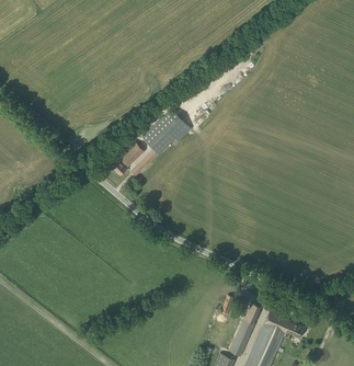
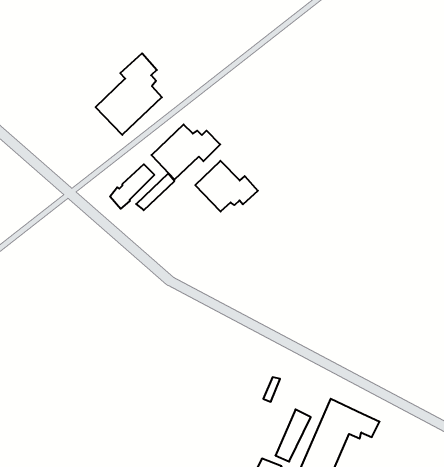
building: none -> [96,53,162,135]
building: none -> [195,161,258,212]

